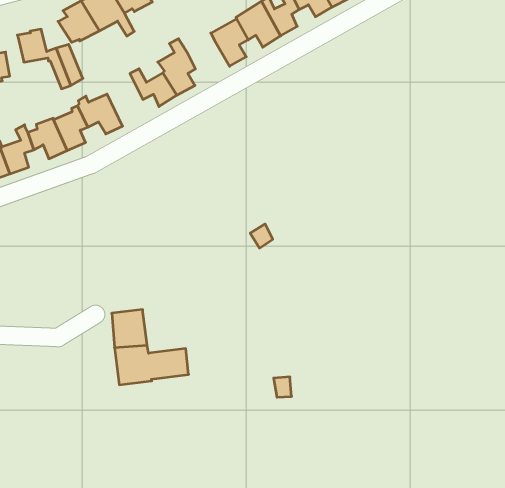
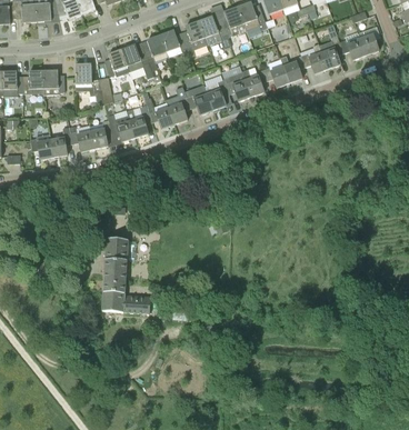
building: none -> [183,84,212,114]
building: none -> [126,103,150,138]
building: none -> [104,238,128,263]

